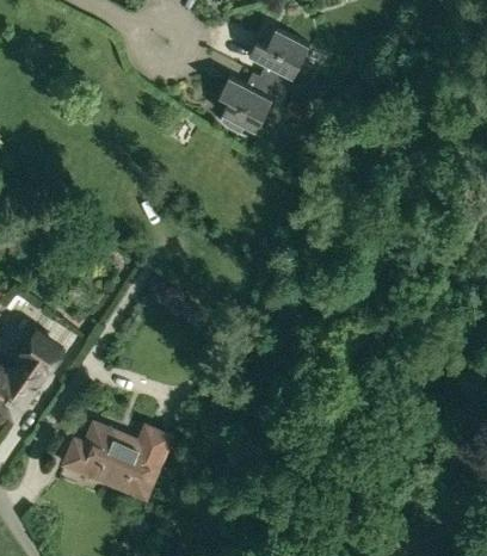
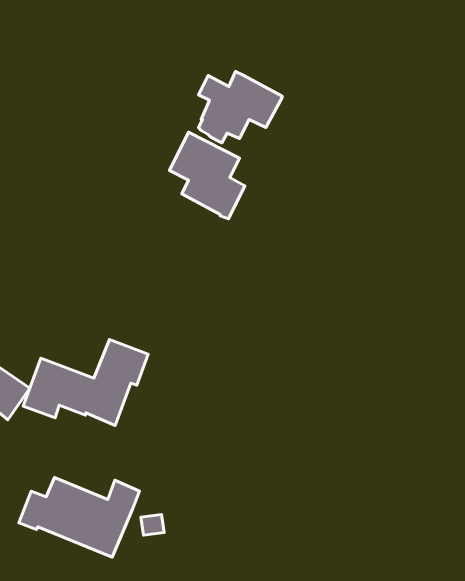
building: [246,21,312,97] -> [169,132,245,219]
building: none -> [23,339,148,426]

